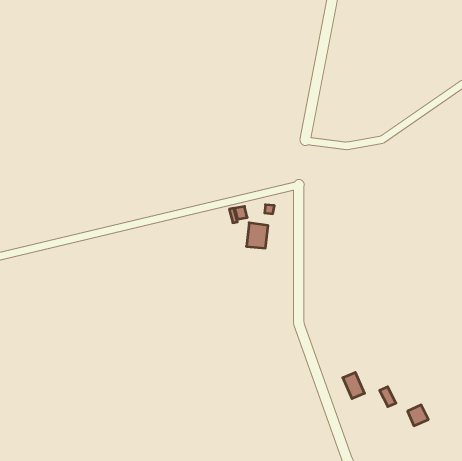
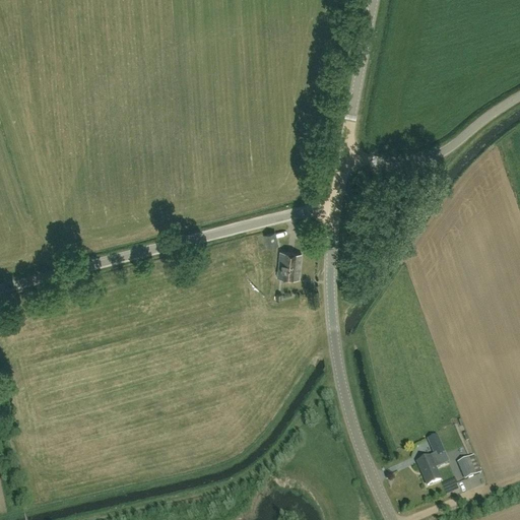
building: [343,372,365,399] -> [415,455,440,484]

